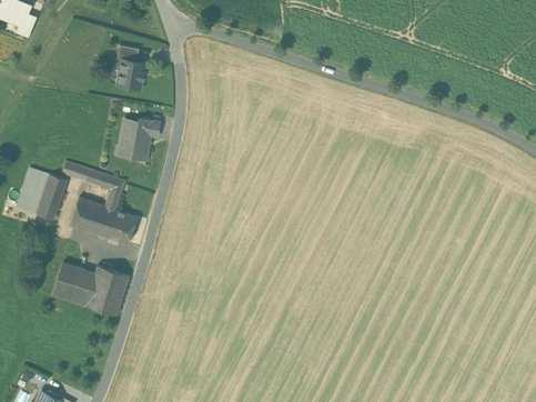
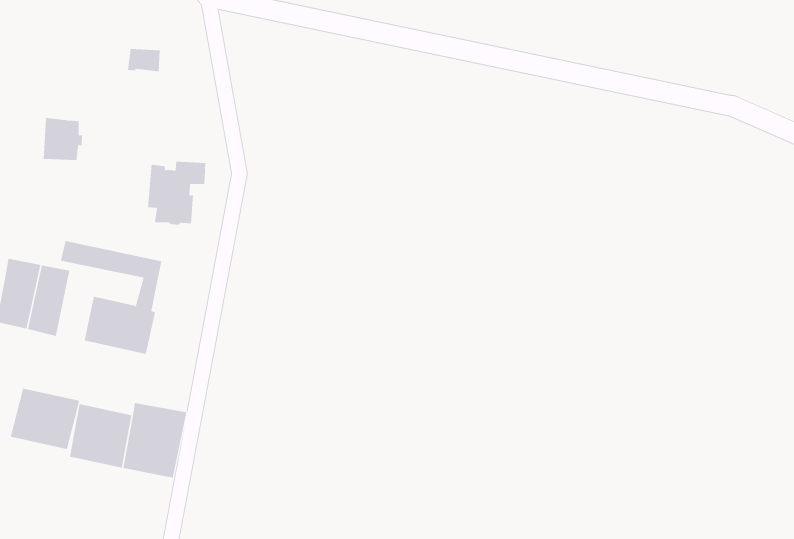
building: [118,60,144,89] -> [43,118,83,160]
building: [108,212,136,244] -> none
building: none -> [10,388,80,450]

